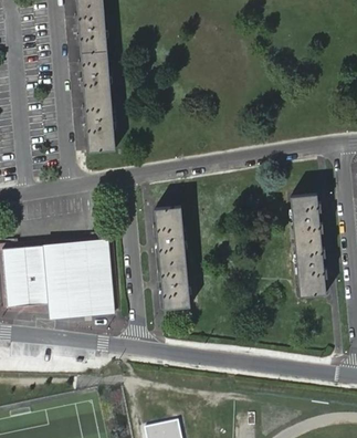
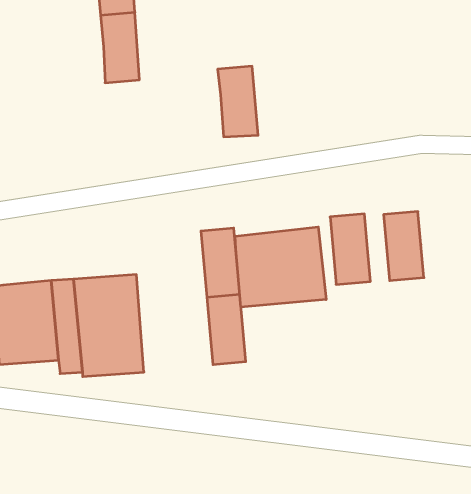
building: [85,97,115,149] -> [218,66,258,137]
building: none -> [235,227,326,307]
building: [295,243,325,295] -> [330,214,370,284]

